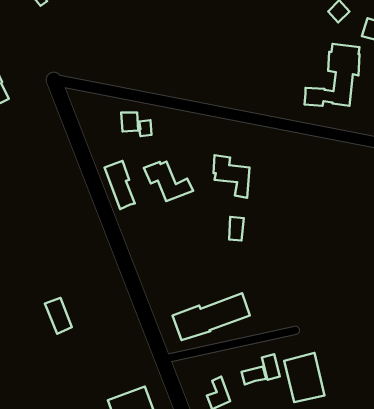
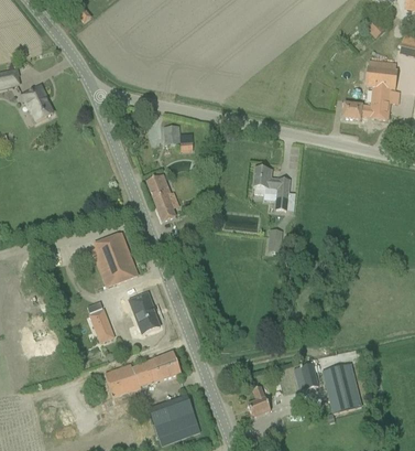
building: [144,161,193,201] -> none
building: none -> [92,233,138,287]
building: none -> [129,292,160,333]
building: [172,293,250,340] -> [105,351,181,397]

